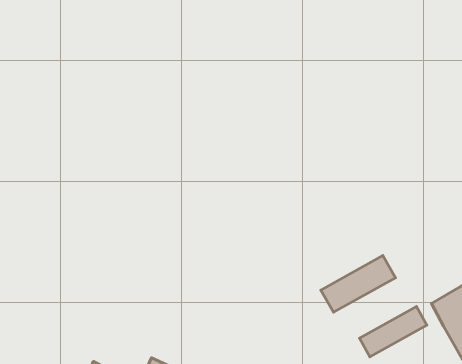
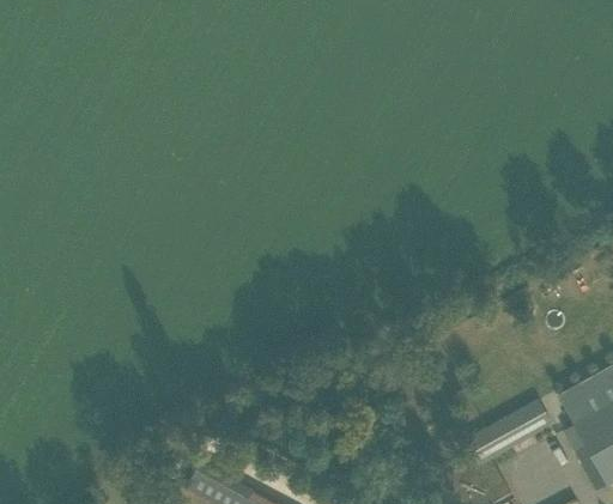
building: [321,256,395,312] -> none

